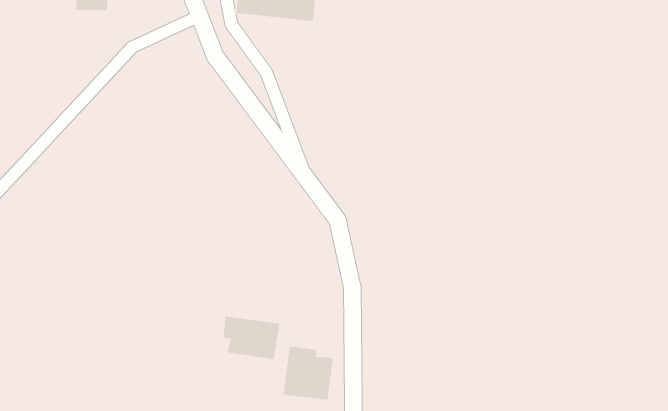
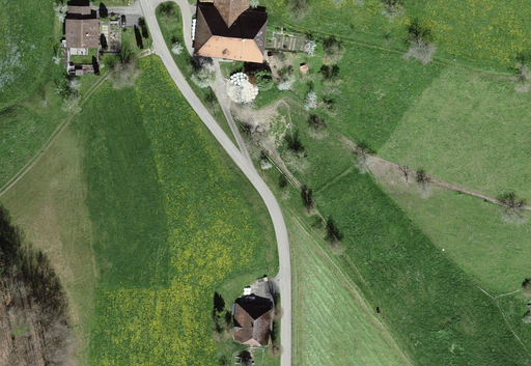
building: [222,316,280,360] -> none

